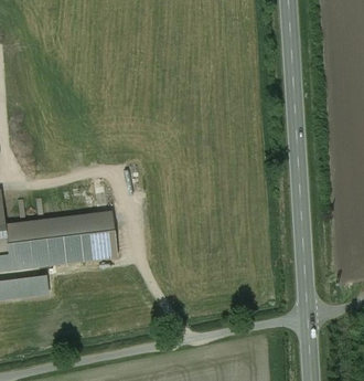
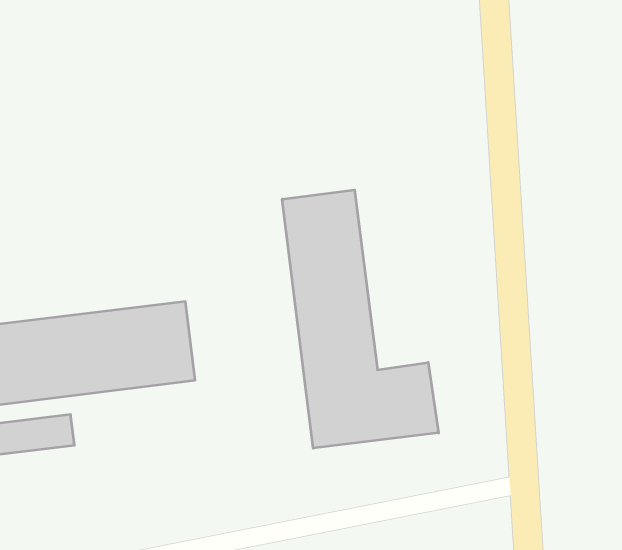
building: none -> [282,190,439,448]

